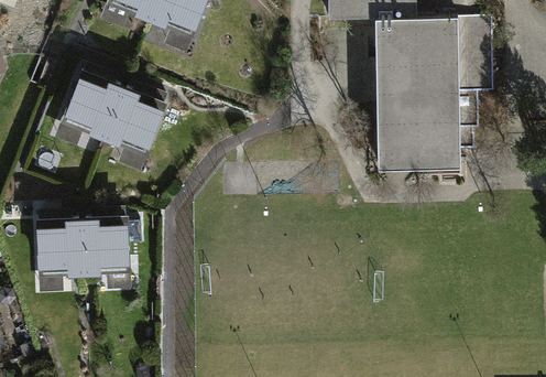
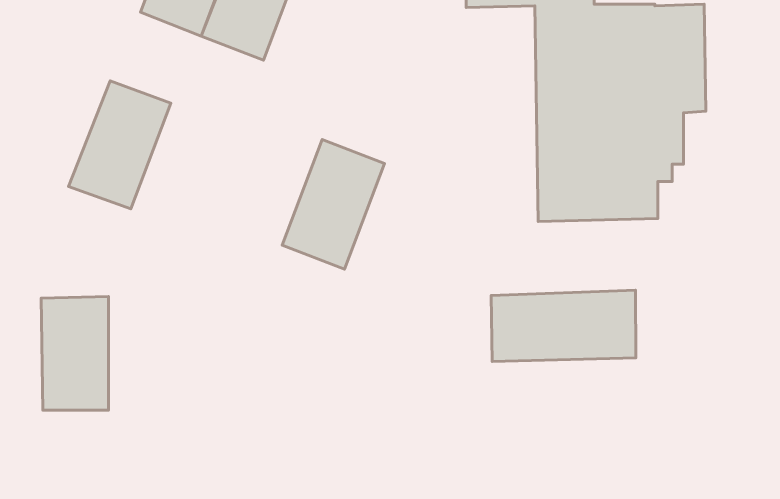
building: [96,83,166,172] -> [282,140,384,269]
building: none -> [491,290,636,362]
building: [80,216,127,294] -> none

